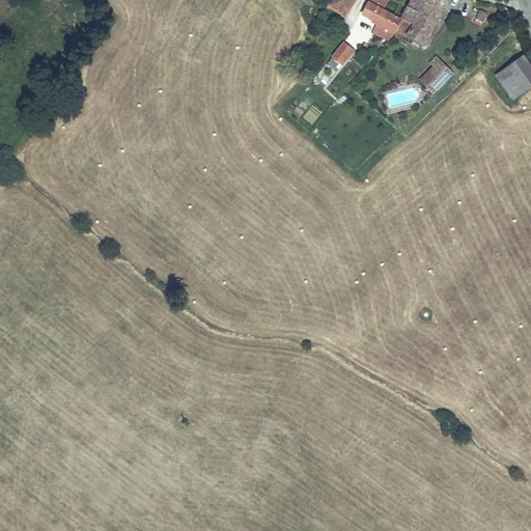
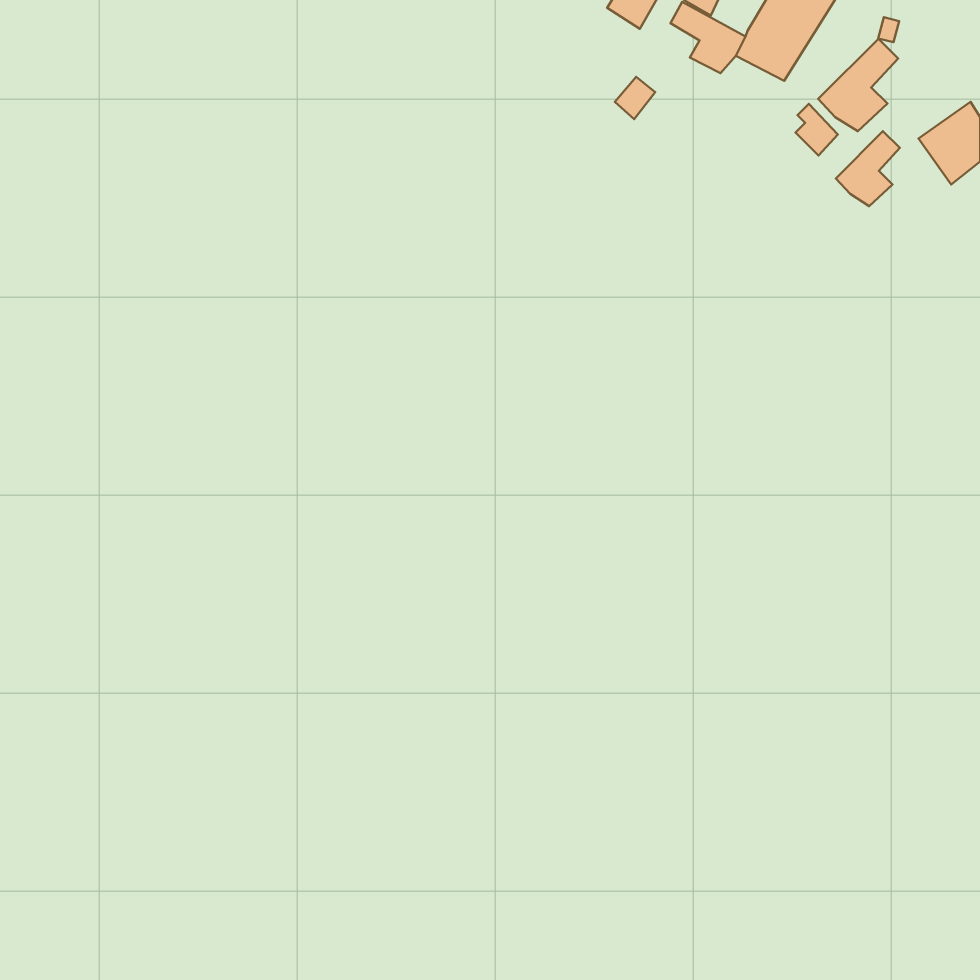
building: none -> [818,39,898,131]
building: none -> [836,131,900,206]

